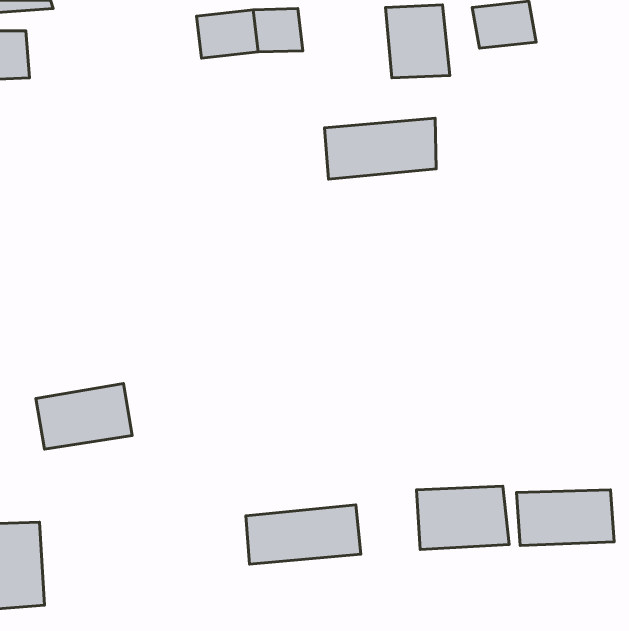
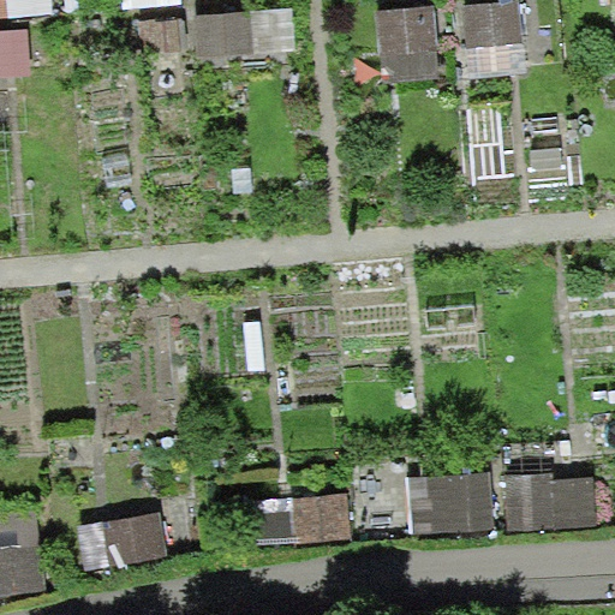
building: [324,118,436,179] -> none
building: [36,384,132,449] -> [73,509,167,573]

